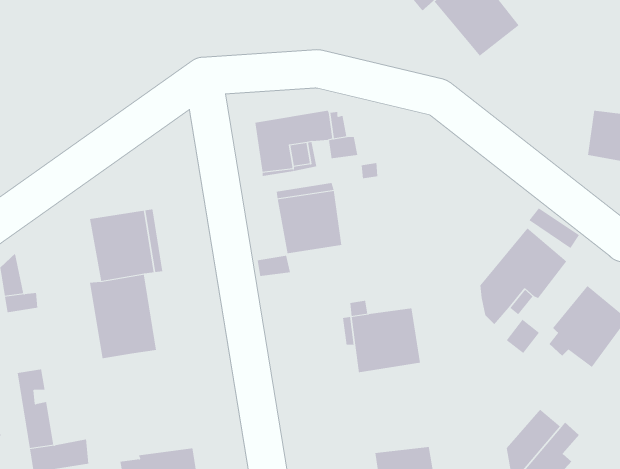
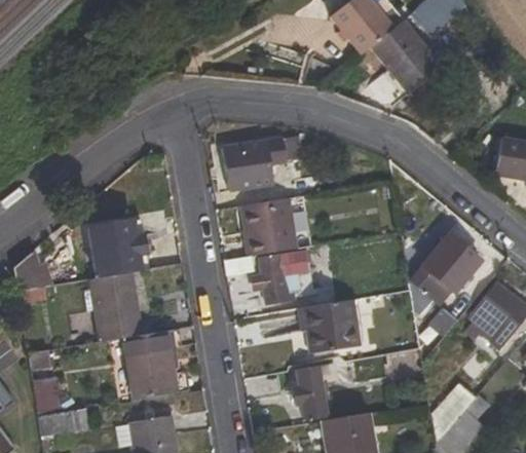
building: none -> [260,251,313,301]
building: none -> [123,330,176,400]
building: none -> [295,365,337,417]

